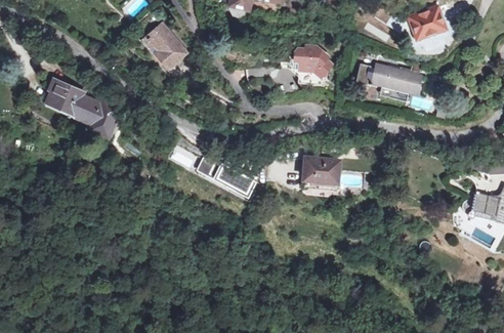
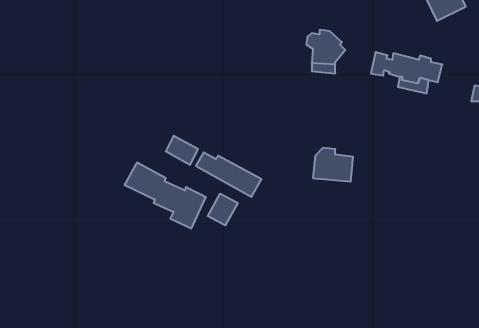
building: [149,26,190,67] -> none
building: [48,77,123,137] -> [125,163,206,228]
building: none -> [208,194,238,225]

